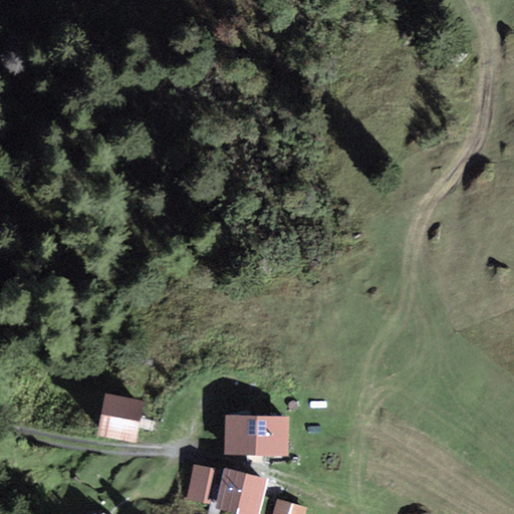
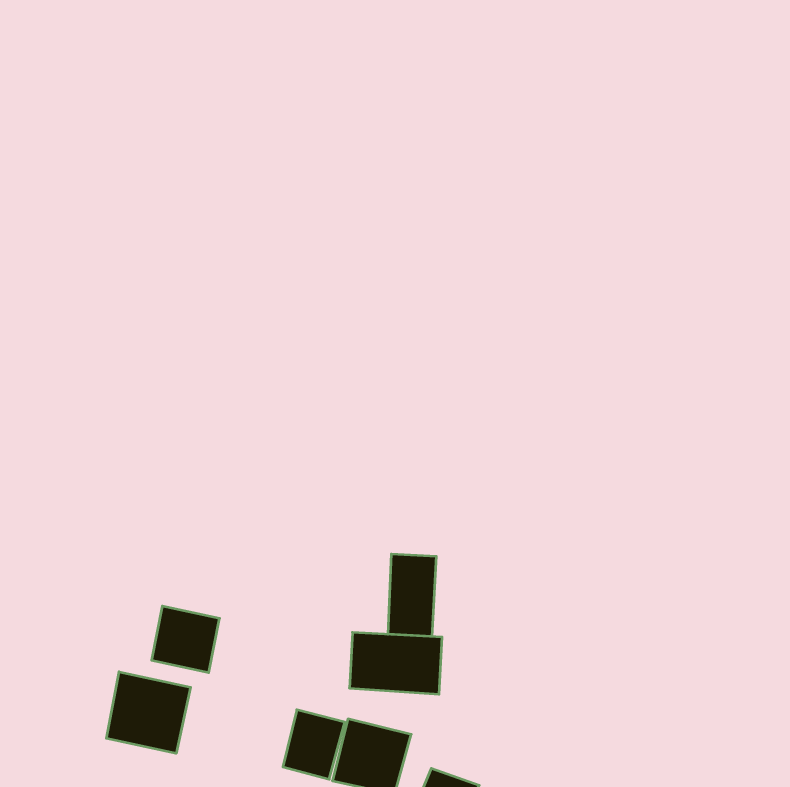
building: none -> [388,554,436,636]
building: none -> [106,672,191,753]

